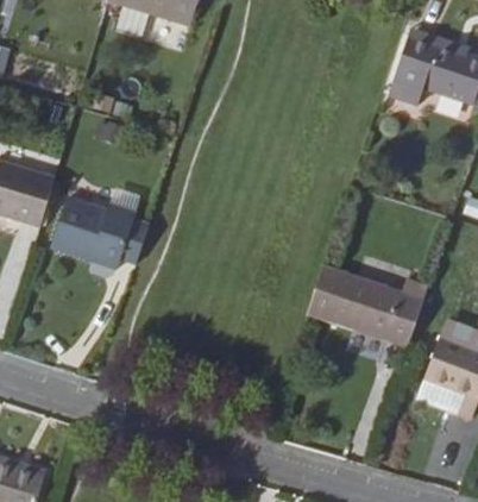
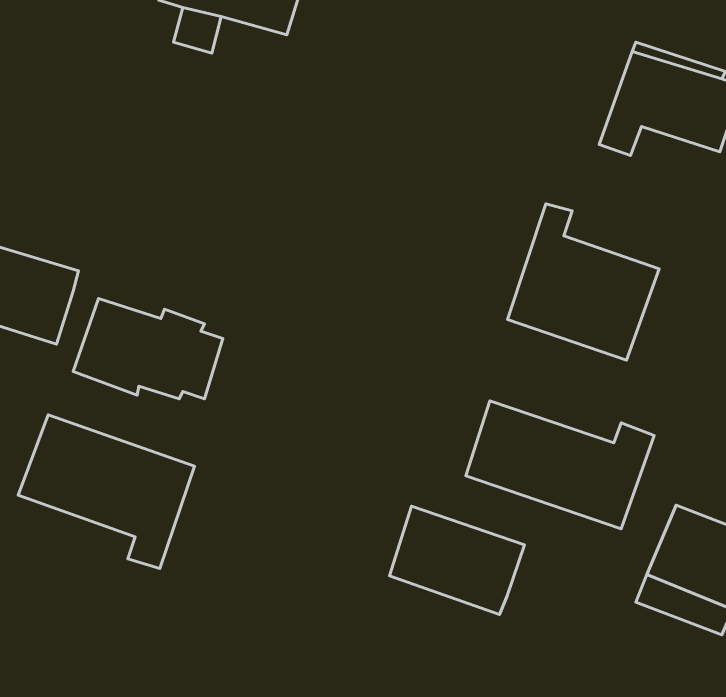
building: none -> [507,204,659,360]
building: none -> [18,415,195,568]
building: none -> [389,506,525,615]

